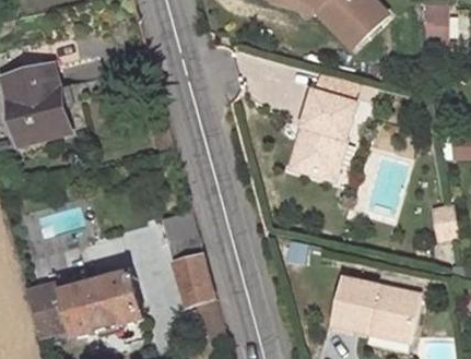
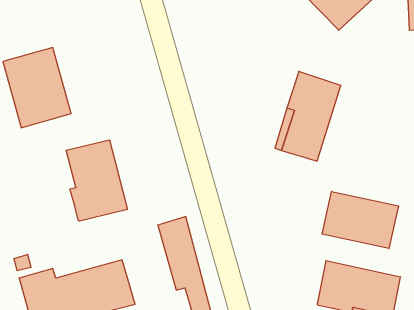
building: none -> [66,140,128,221]
building: none -> [322,191,398,249]

